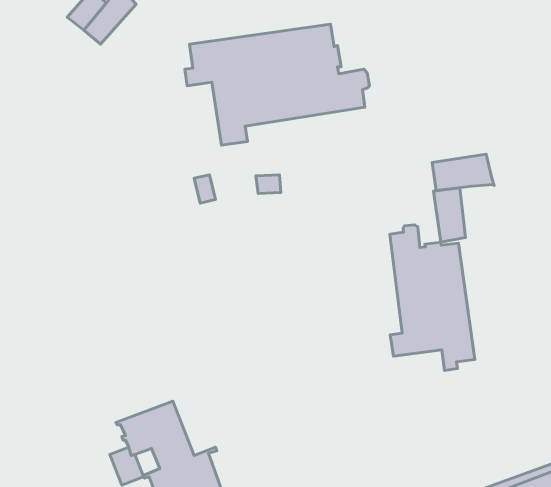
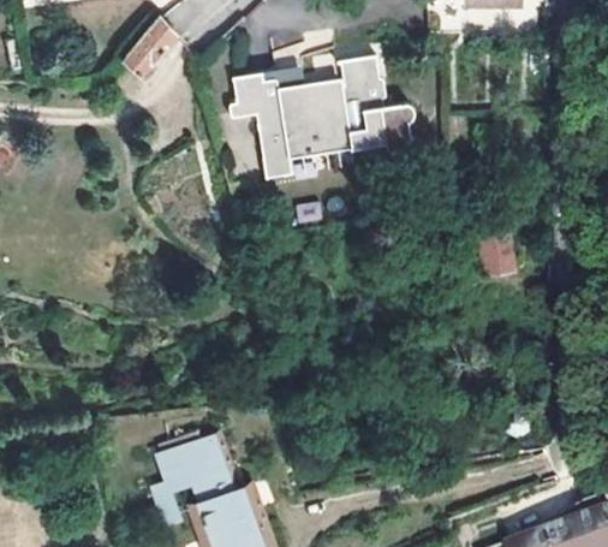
building: [432,154,494,190] -> none
building: [390,225,475,370] -> none

